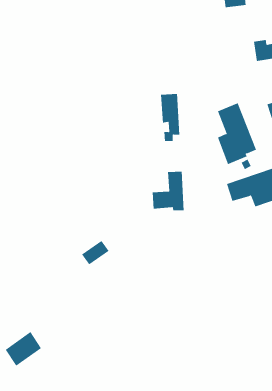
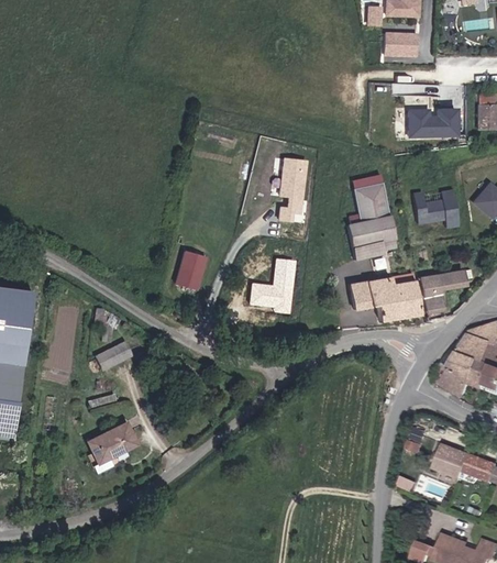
building: none -> [176,252,205,287]
building: [81,240,109,265] -> [95,341,132,371]
building: [5,331,42,367] -> [87,423,135,466]

